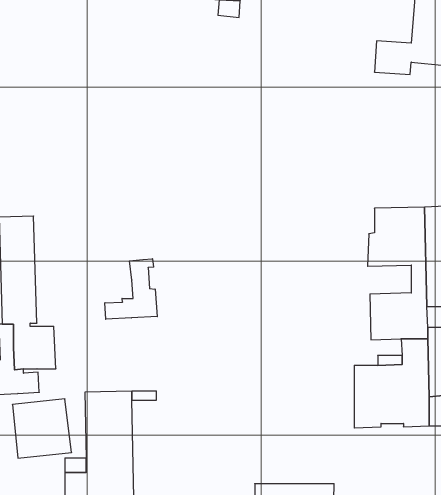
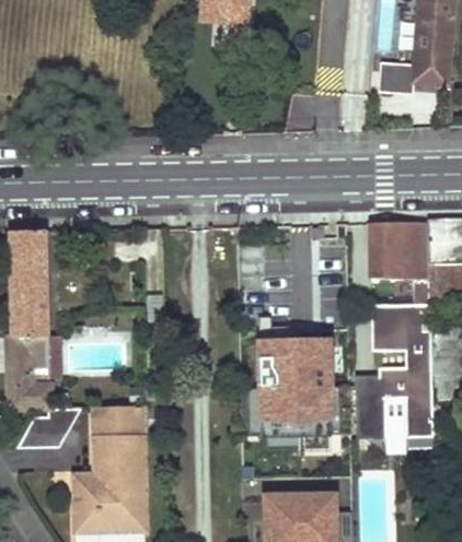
building: [105,259,157,319] -> none
building: none -> [253,340,333,428]

